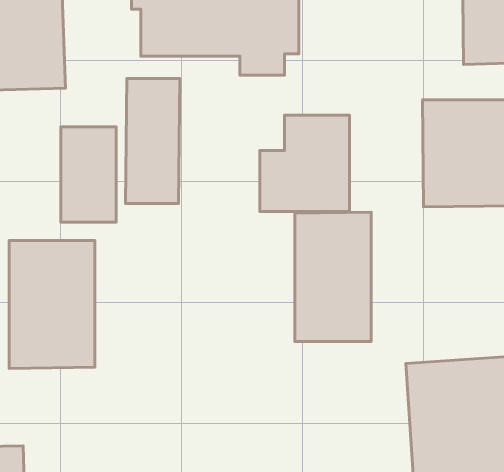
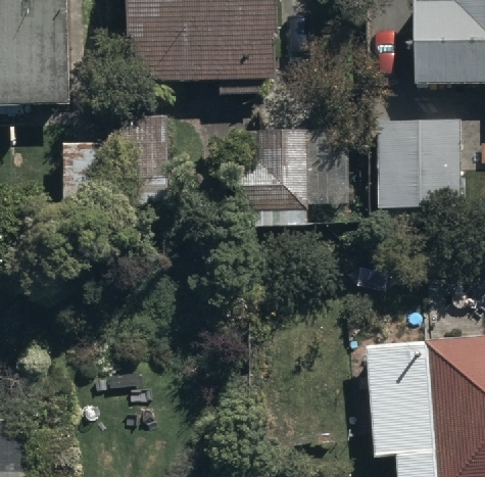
building: [295,212,371,342] -> none
building: [9,240,95,368] -> none

